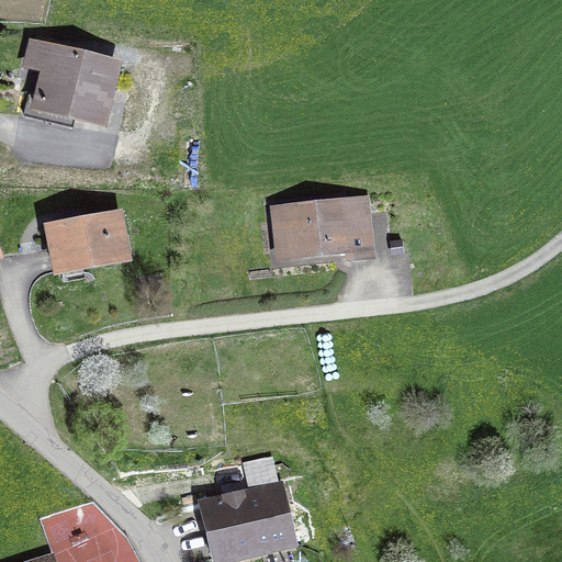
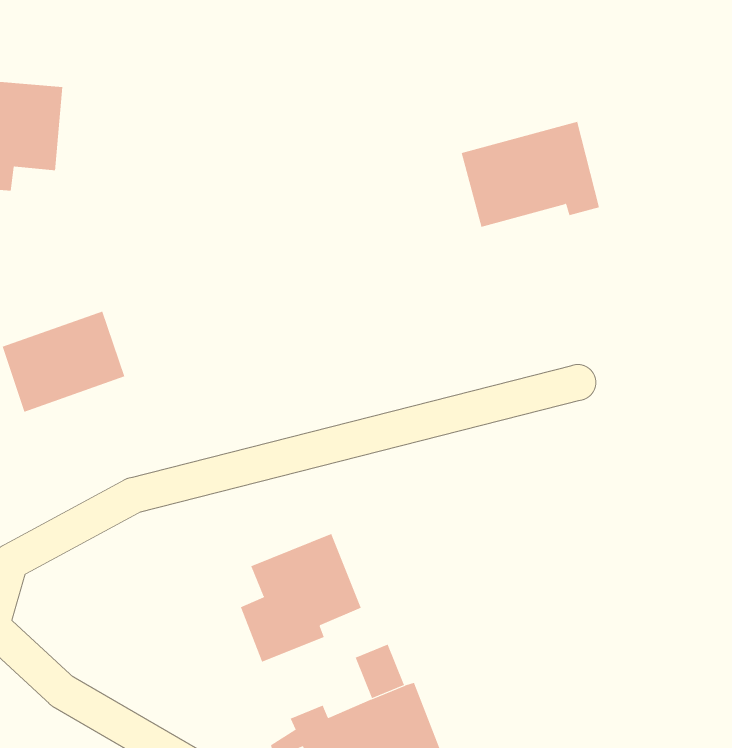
building: [286,196,371,257] -> [461,121,600,228]
building: none -> [240,533,361,663]

